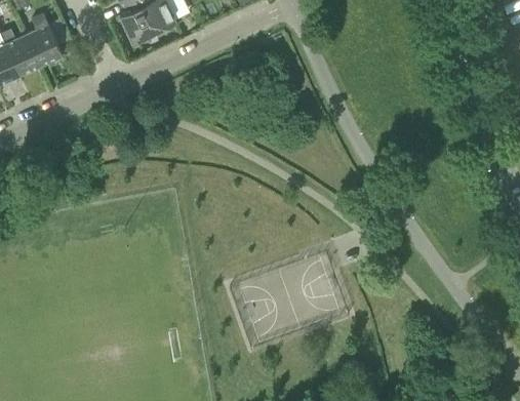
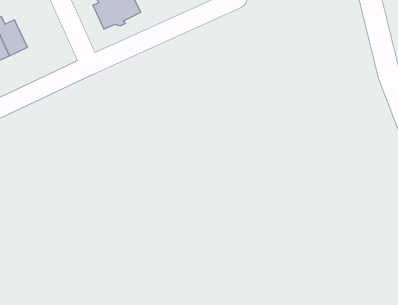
building: [25,13,62,65] -> none

